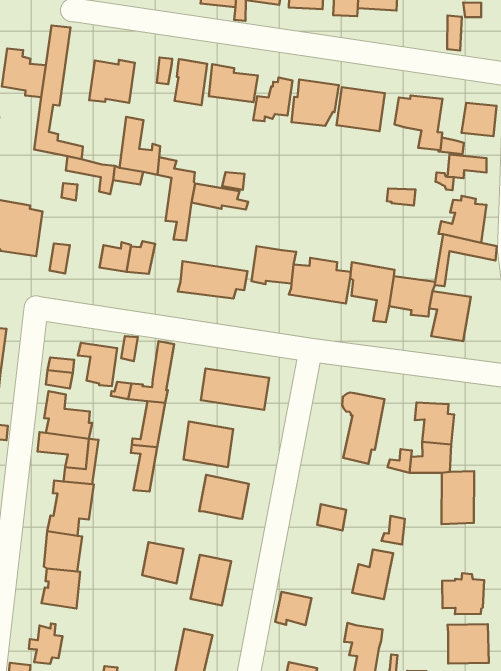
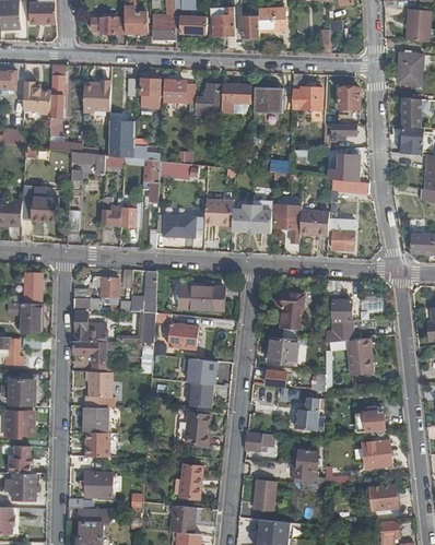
building: none -> [268,335,298,364]
building: [142,542,183,584] -> [187,382,213,408]

